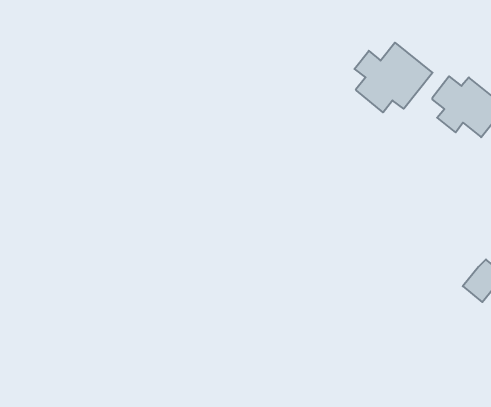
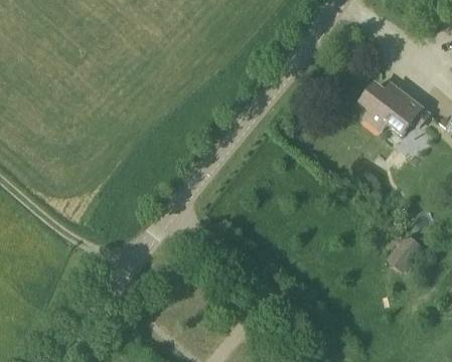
building: [354,43,433,112] -> none

